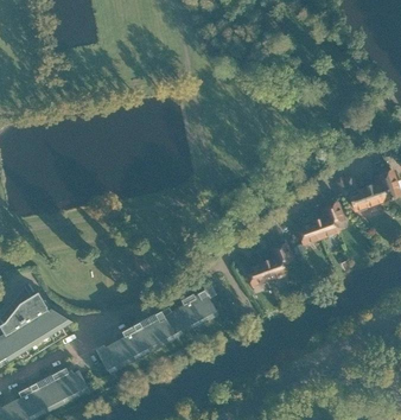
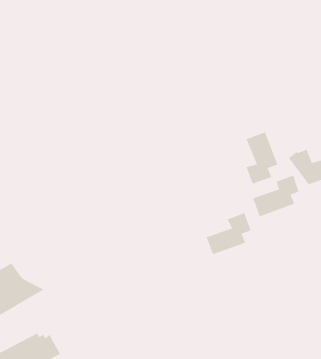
building: none -> [246,132,278,185]
building: [96,289,218,373] -> none

